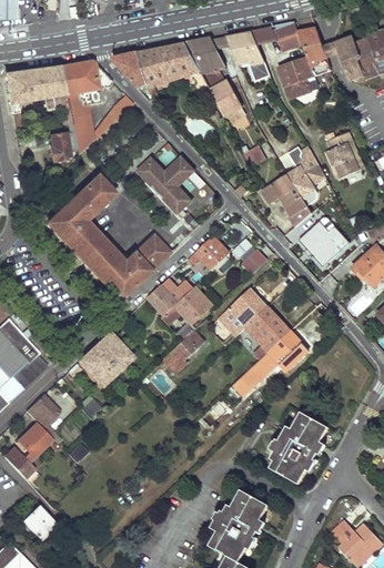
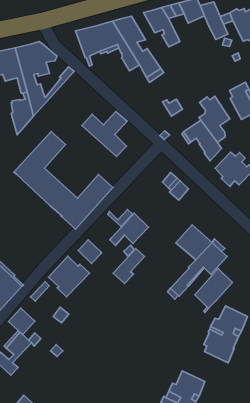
building: [112,51,149,89] -> none
building: [279,58,315,99] -> none
building: [188,236,230,274] -> none
building: [149,285,178,315] -> [78,240,101,264]
building: [219,287,267,342] -> [195,268,233,313]

